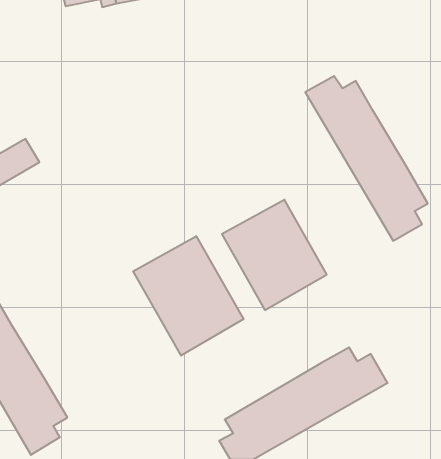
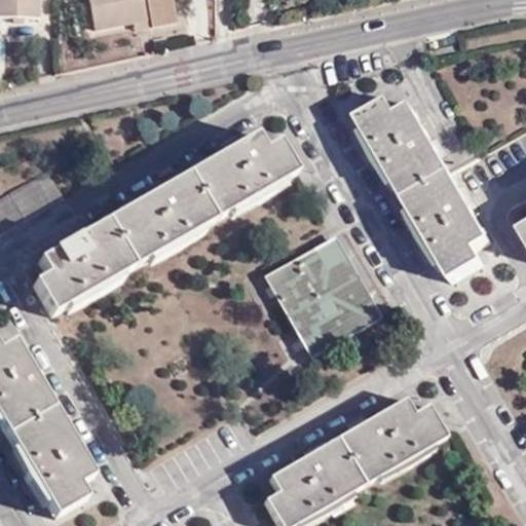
building: none -> [31,134,295,315]
building: [133,236,244,356] -> none

